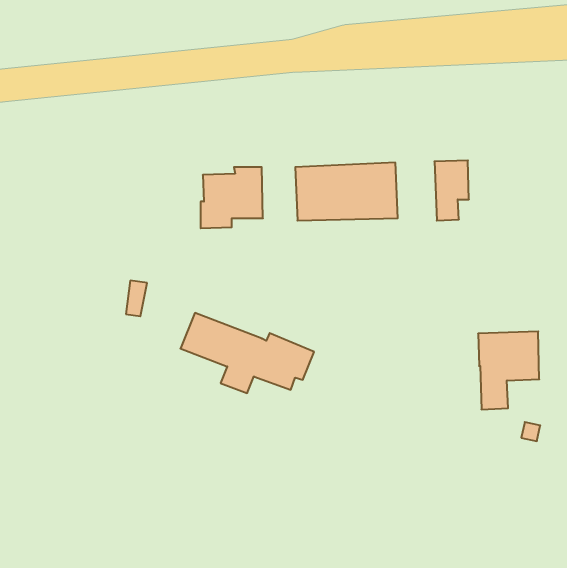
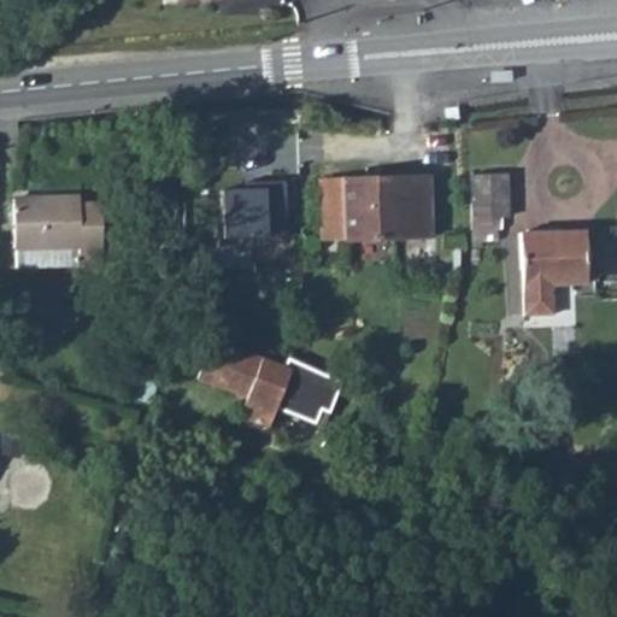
building: none -> [14,196,104,266]
building: [478,331,539,409] -> [522,230,588,315]

